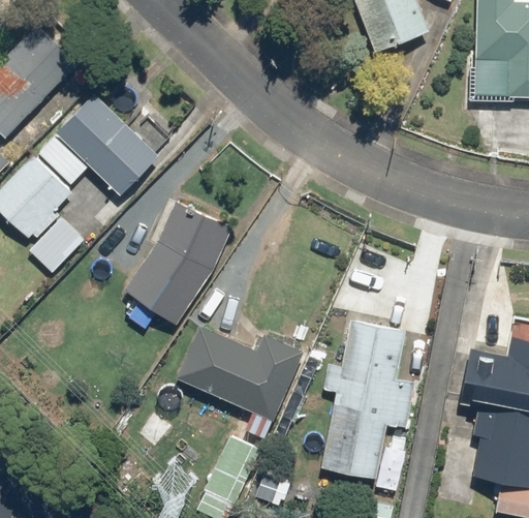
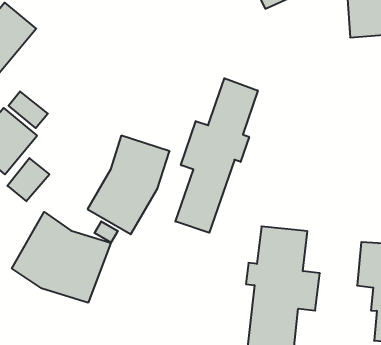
building: [66,88,166,187] -> none
building: none -> [175,78,258,233]
building: none -> [12,212,111,303]
building: [173,326,299,420] -> none

